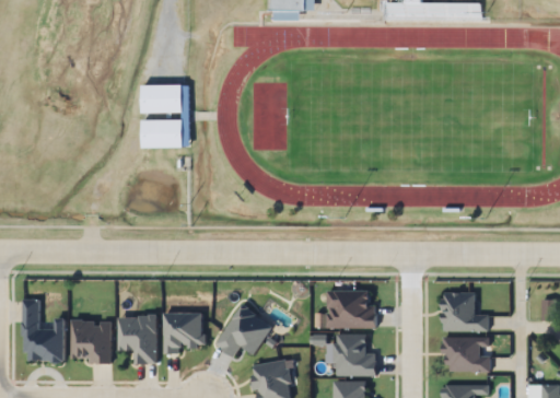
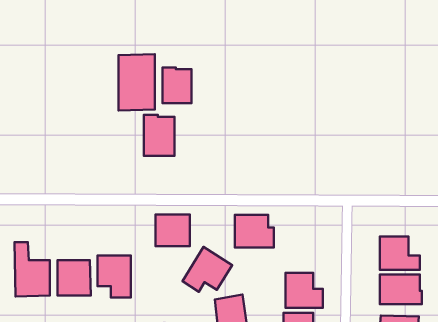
building: none -> [163,68,192,103]
building: none -> [144,115,175,156]
building: [331,291,376,328] -> [235,215,274,247]
building: [164,313,203,349] -> [155,215,190,246]

